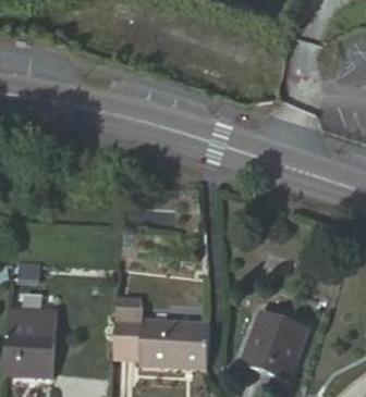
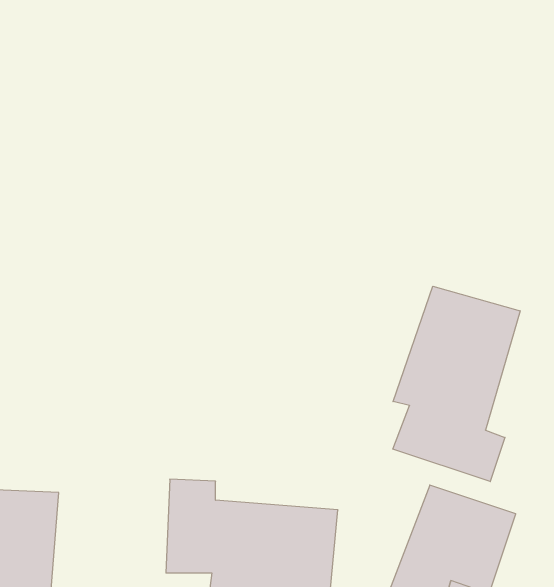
building: none -> [393,286,520,482]

